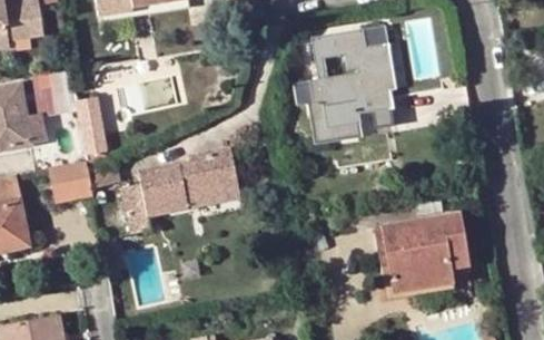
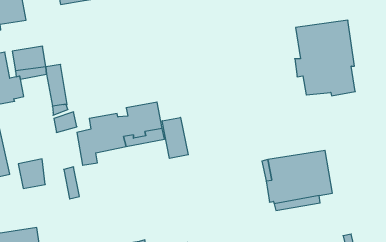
building: [308,27,390,129] -> [295,20,355,96]
building: [50,162,87,202] -> [18,159,45,188]
building: none -> [162,117,188,158]

